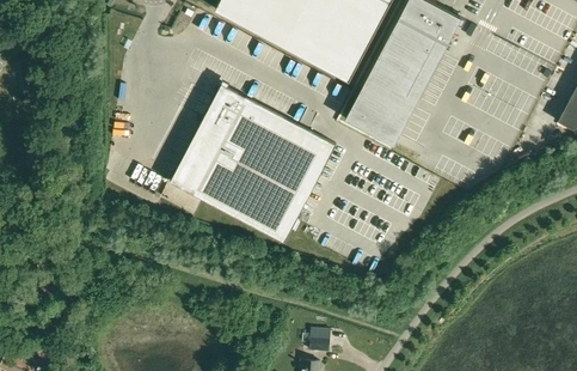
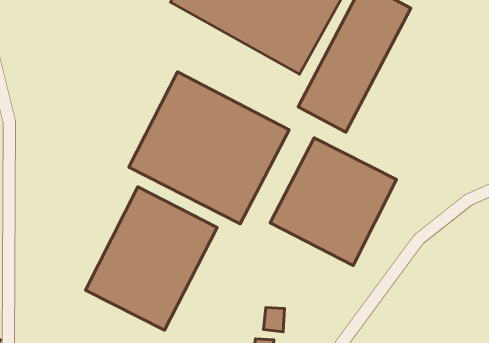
building: none -> [270,138,396,265]
building: none -> [85,187,217,330]

